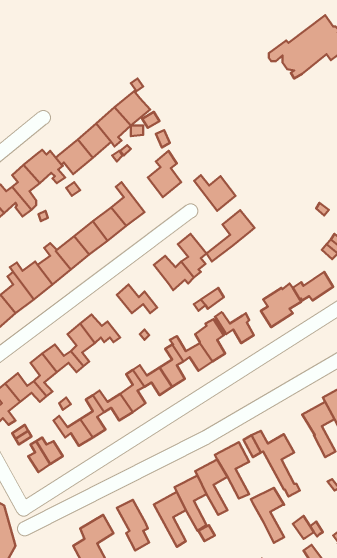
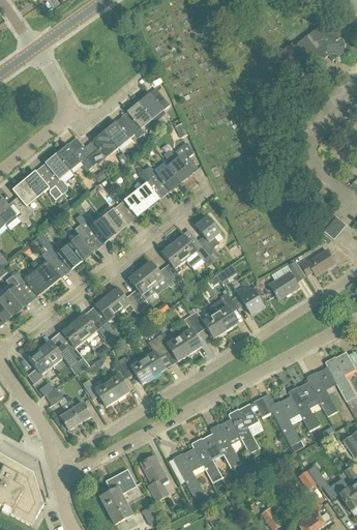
building: [194,175,235,211] -> [144,163,181,195]
building: [207,210,255,262] -> none
building: none -> [161,241,186,281]
building: none -> [128,269,153,307]
building: [251,488,284,543] -> [288,380,318,430]

